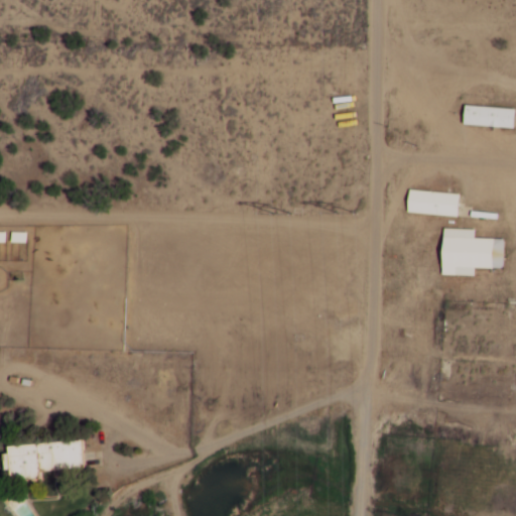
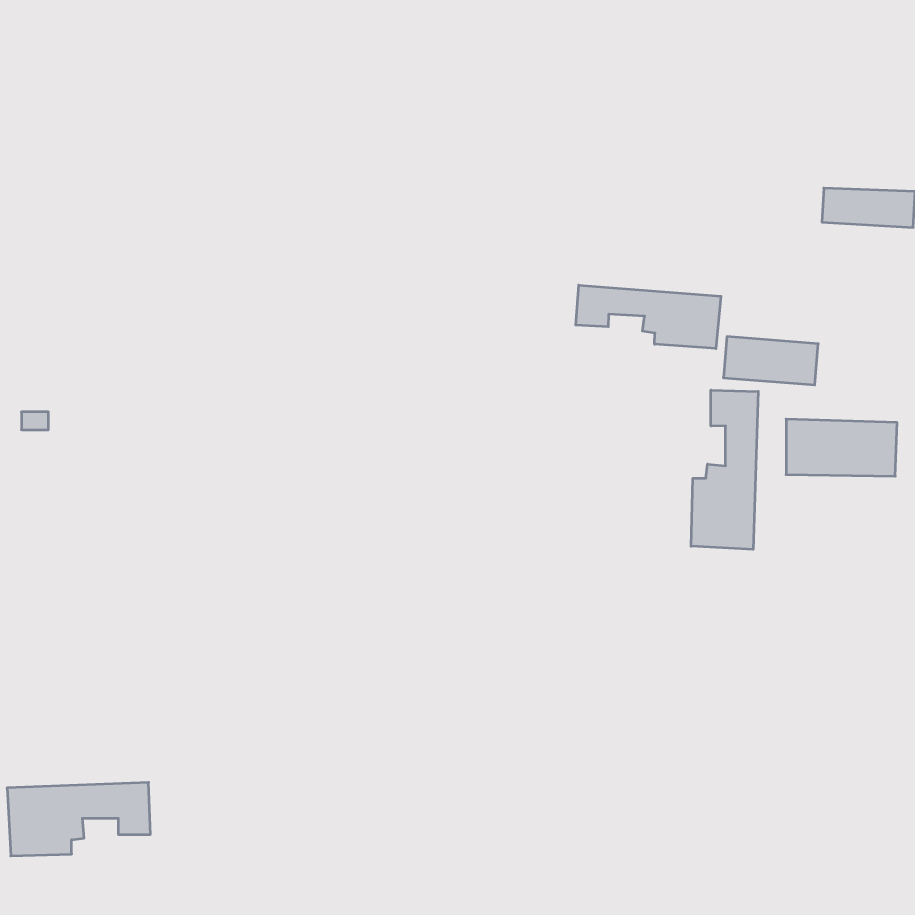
building: none -> [576,285,721,349]
building: none -> [691,390,758,549]

